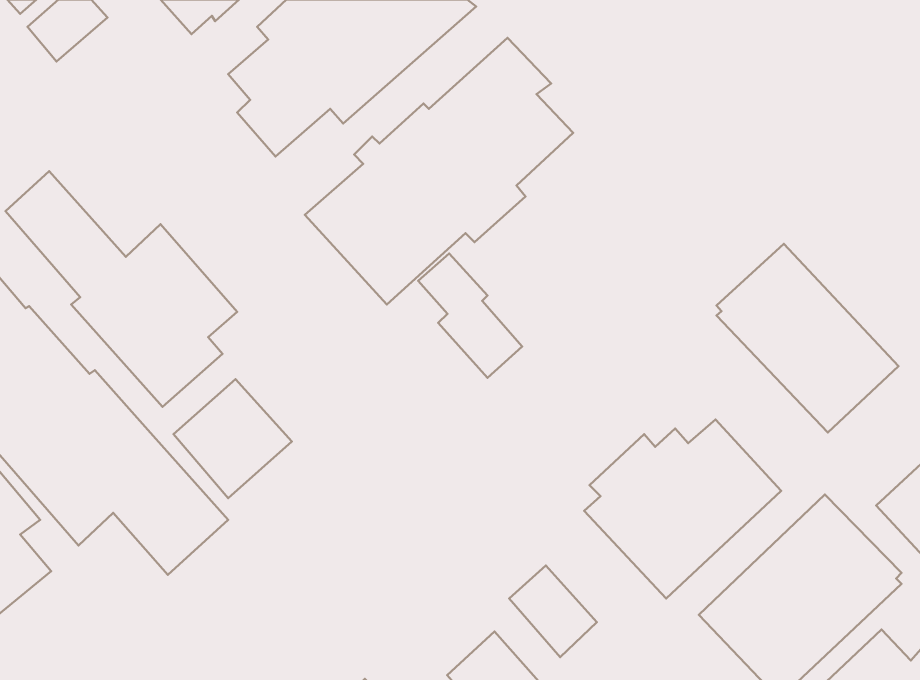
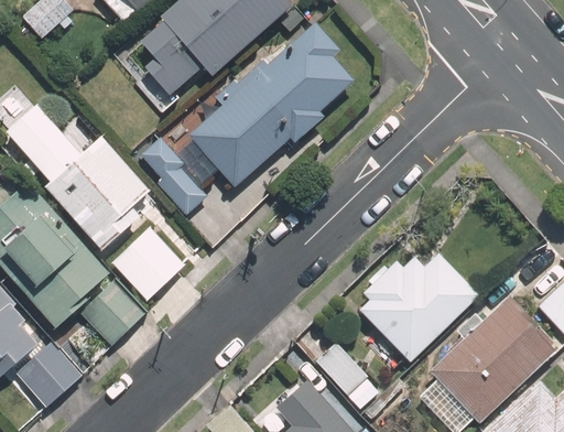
building: [716,244,899,433] -> none
building: [418,253,522,378] -> [144,139,207,214]
building: none -> [19,336,85,401]

